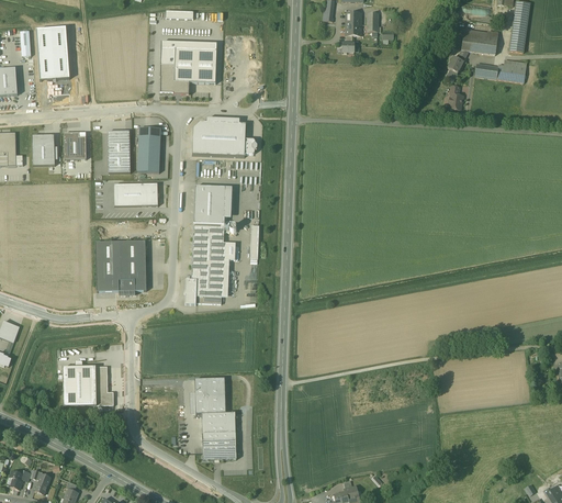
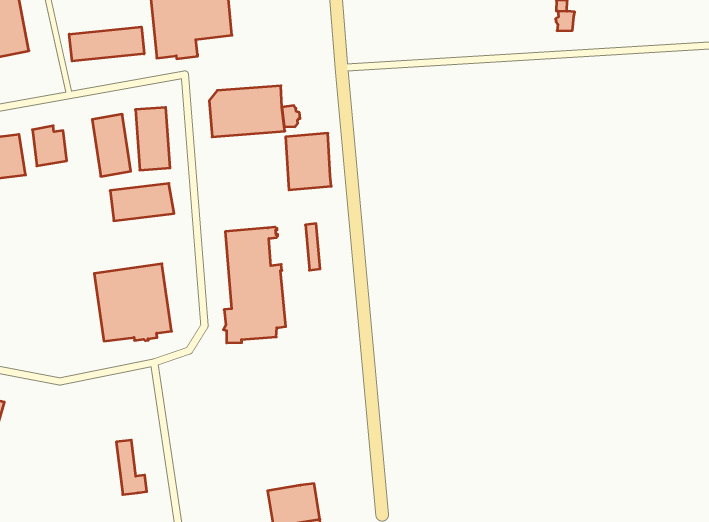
building: none -> [69,27,144,61]
building: [193,185,226,224] -> [286,133,331,190]
building: [64,365,97,404] -> none
building: [195,378,225,413] -> none

